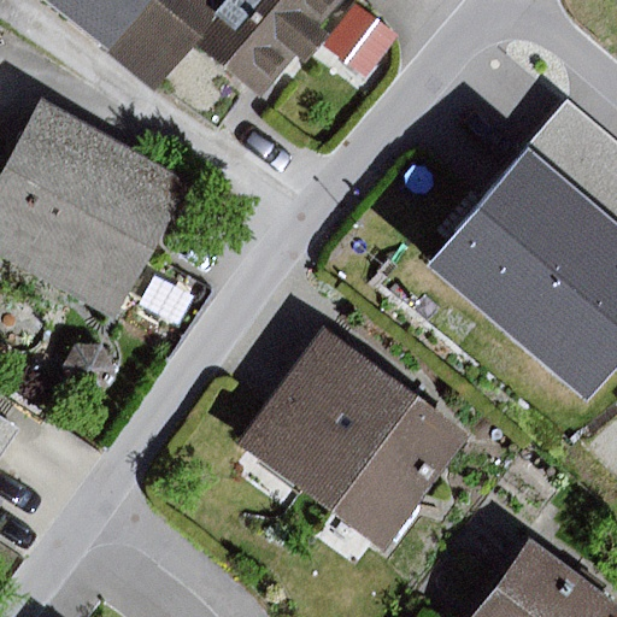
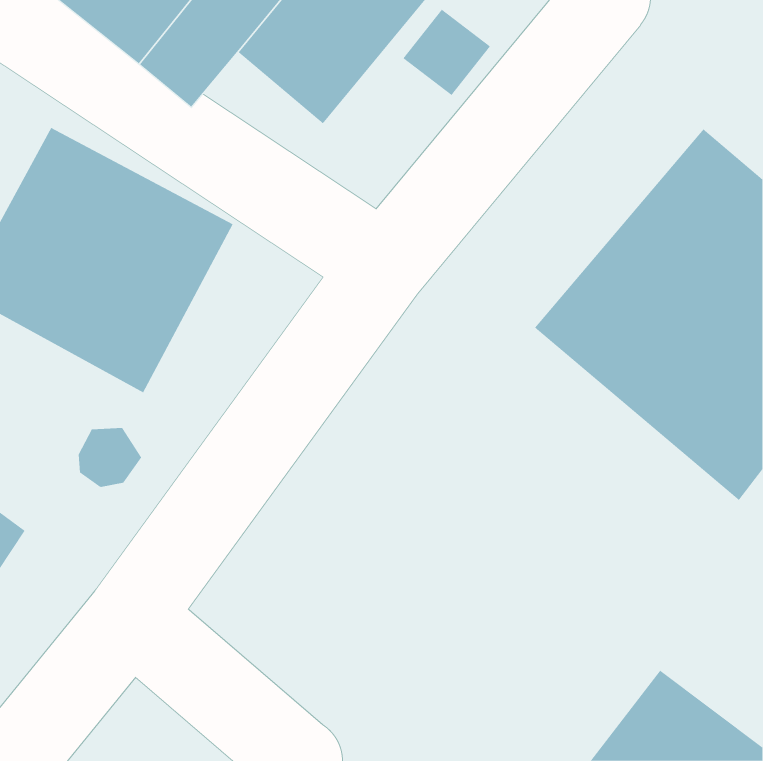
building: [241,330,469,548] -> none

